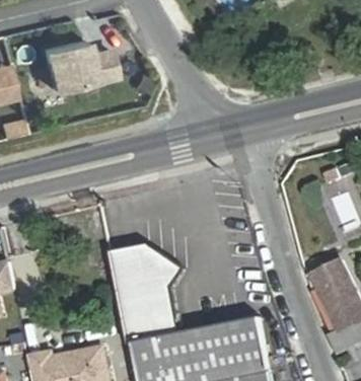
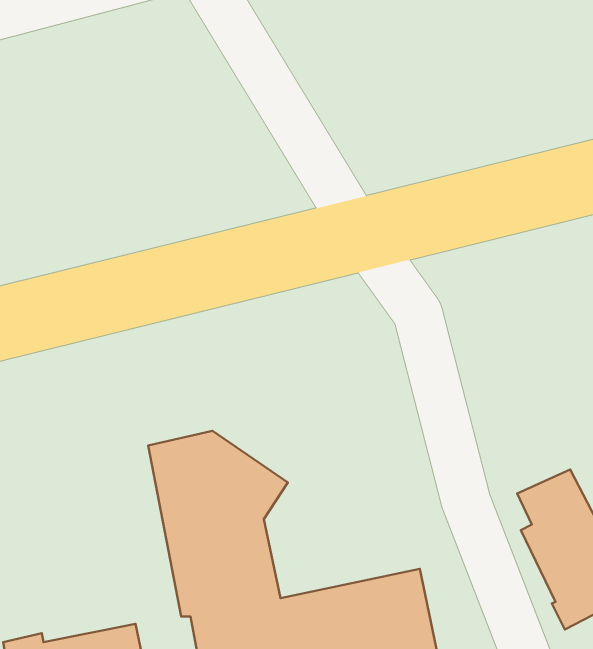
building: [42,42,113,91] -> none

